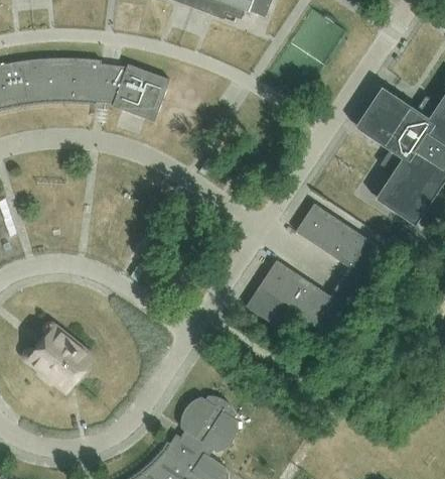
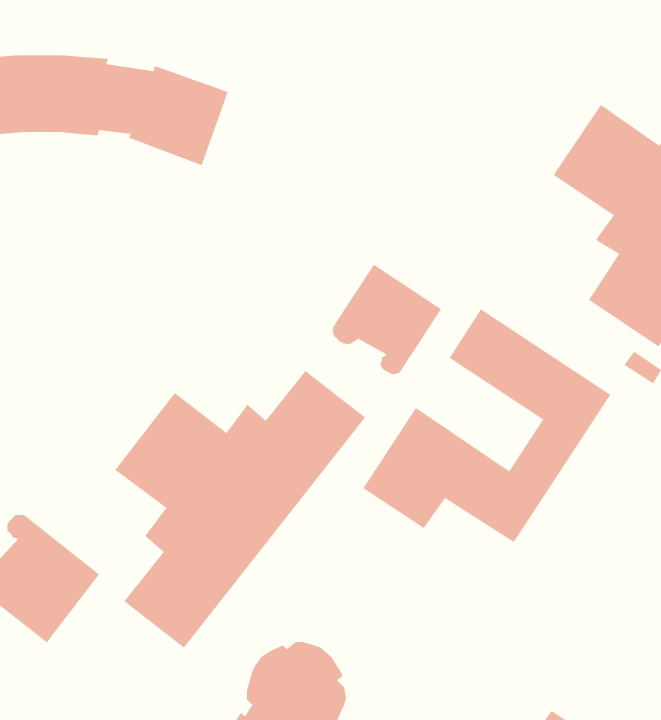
building: none -> [332,264,442,375]
building: none -> [114,370,366,648]

